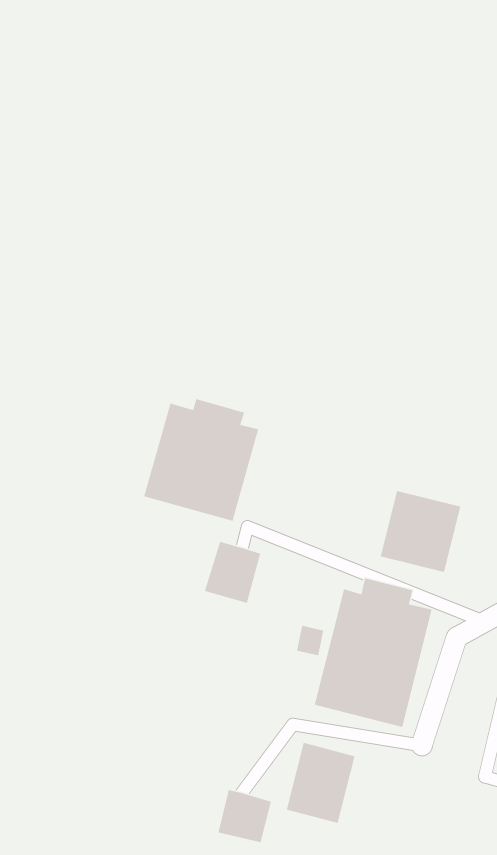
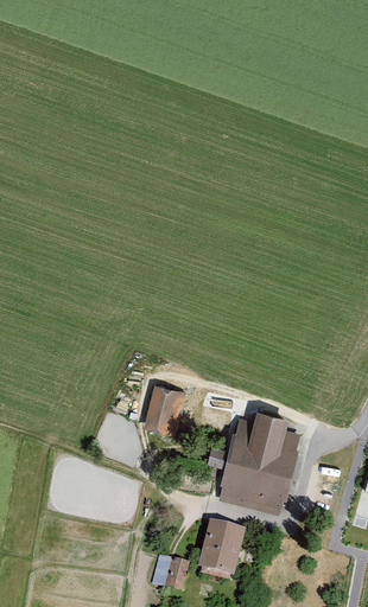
building: [143,398,259,522] -> none
building: [380,490,461,573] -> none

